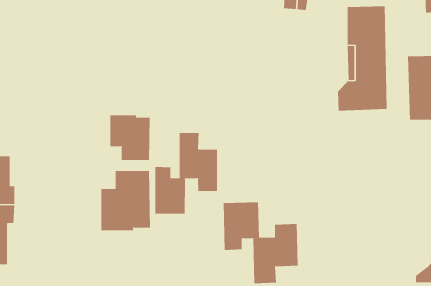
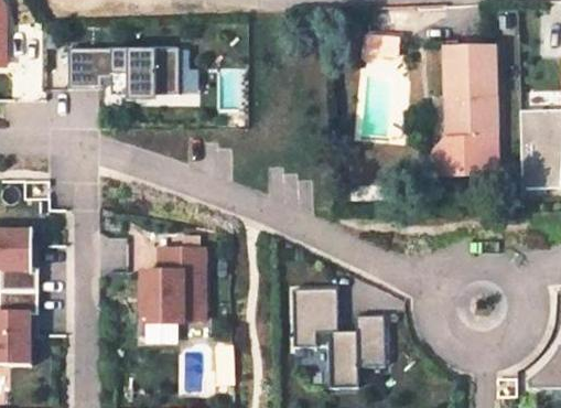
building: none -> [68,49,180,94]
building: [110,115,150,161] -> none
building: [155,132,218,215] -> none

